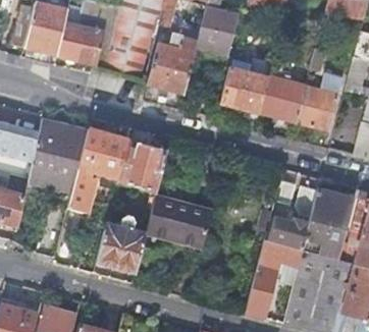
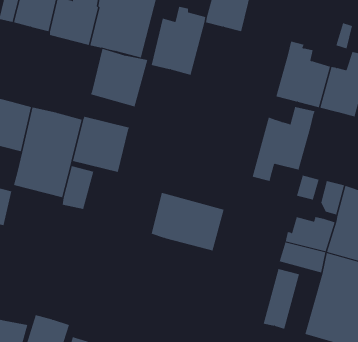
building: [216,55,272,121] -> [252,107,315,182]
building: [118,141,169,192] -> [90,48,148,107]
building: [98,216,148,272] -> none

